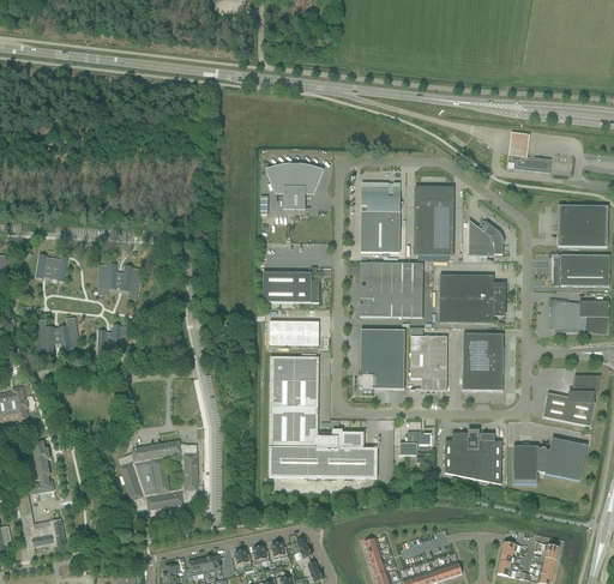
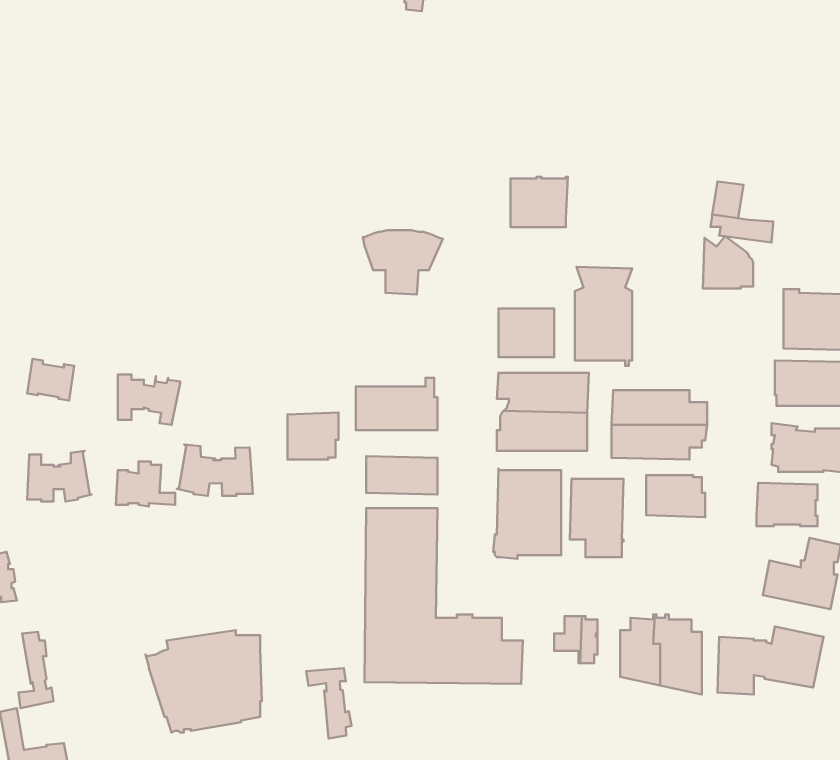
building: [361,183,401,218] -> [510,177,568,227]
building: [468,219,502,255] -> [703,236,753,288]
building: none -> [288,412,339,460]
building: none -> [177,444,253,496]
building: [462,361,504,391] -> [757,483,817,526]
building: none -> [306,668,351,738]

